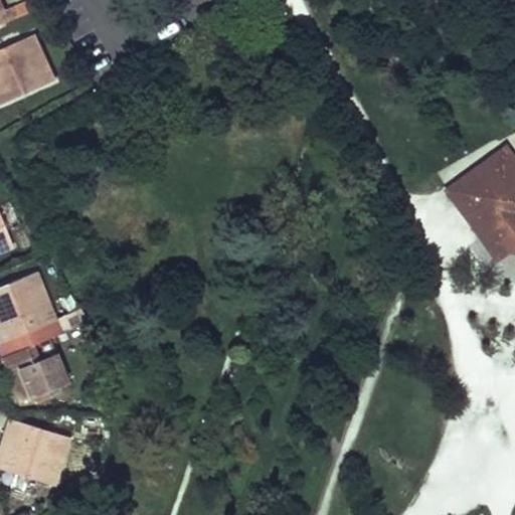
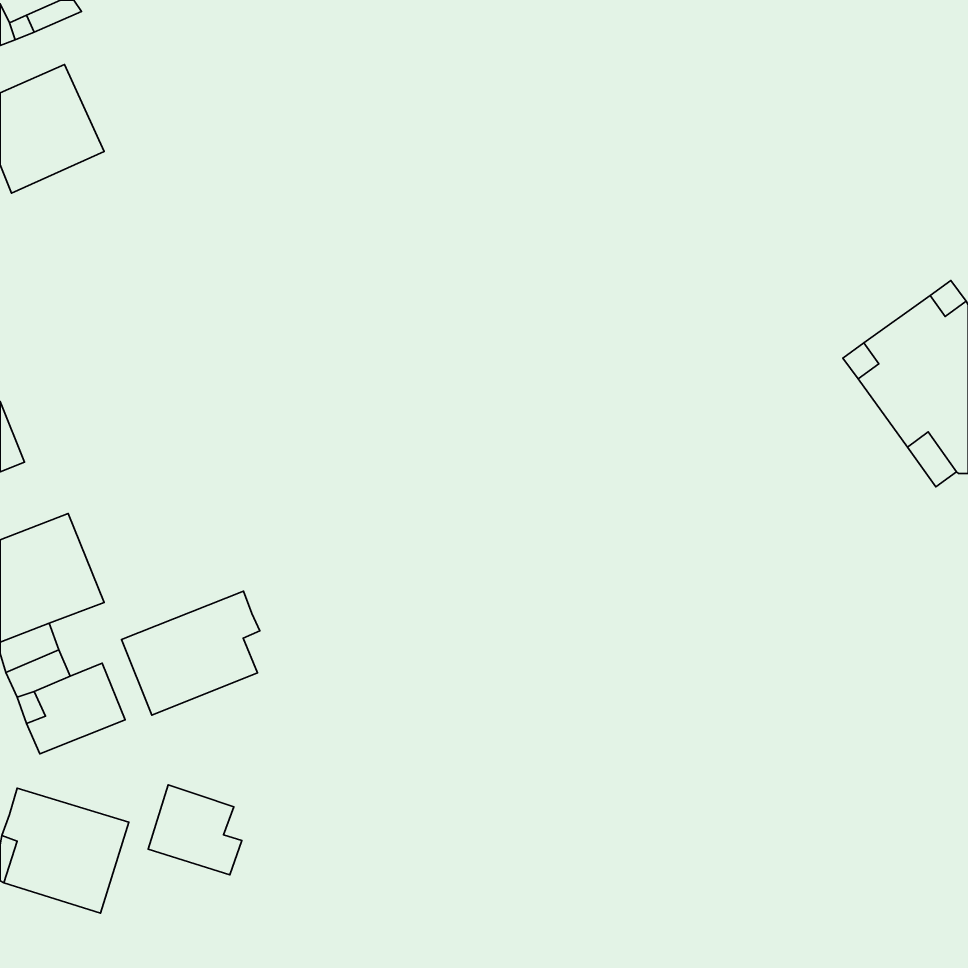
building: none -> [121,591,260,715]
building: none -> [148,785,242,875]

